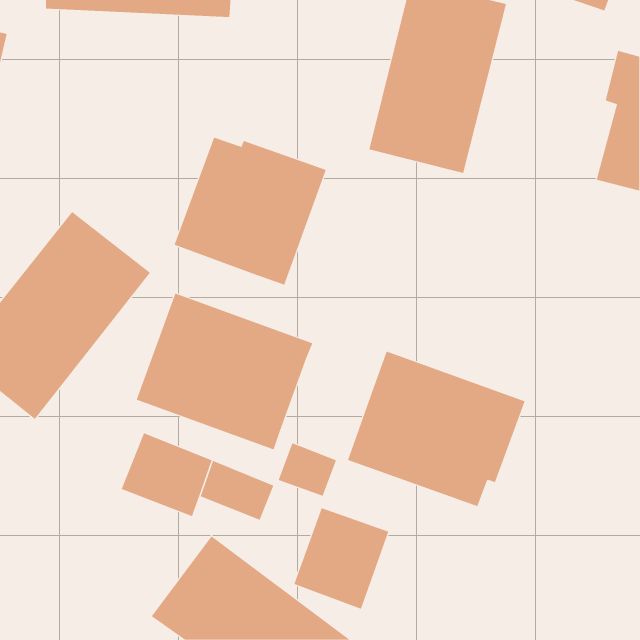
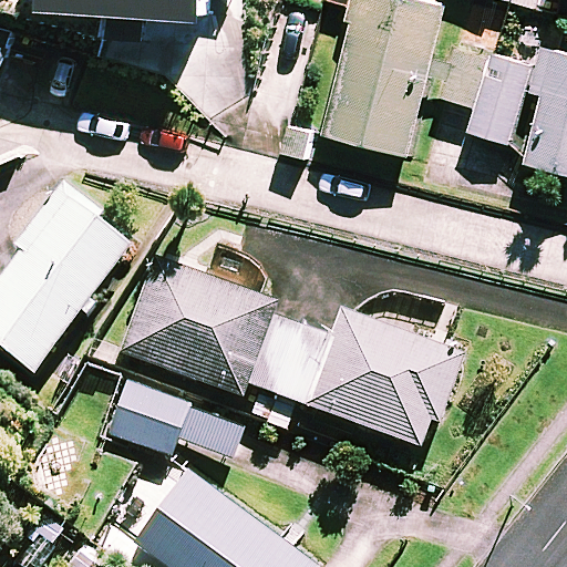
building: none -> [444,42,533,141]
building: [174,137,327,286] -> none
building: [294,508,389,609] -> [246,316,330,405]

